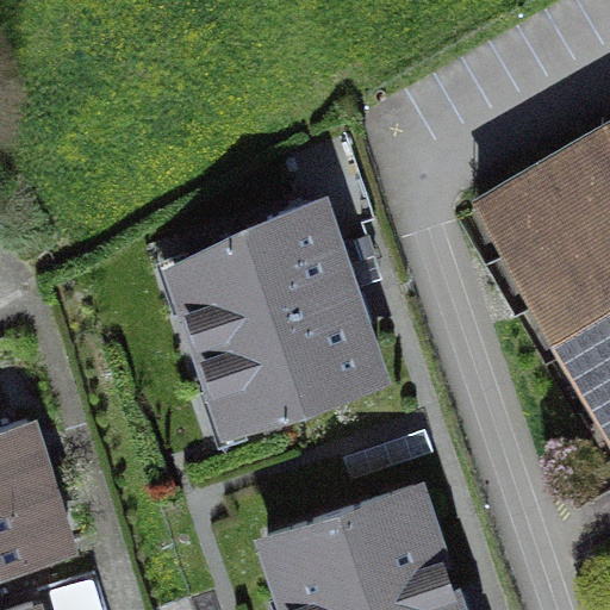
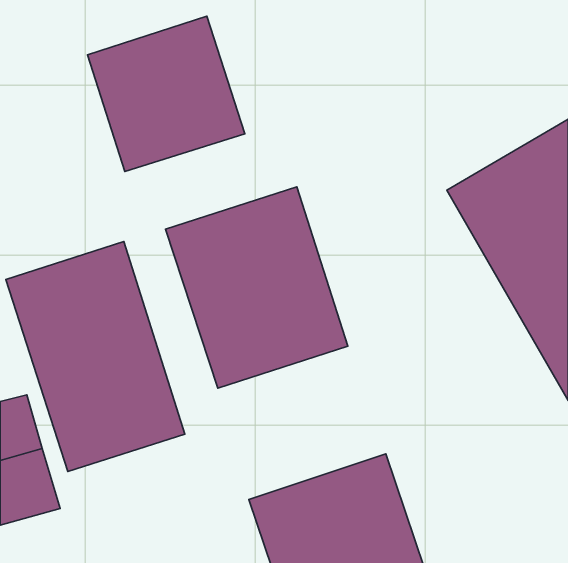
building: none -> [87,16,245,172]
building: none -> [6,241,185,471]

